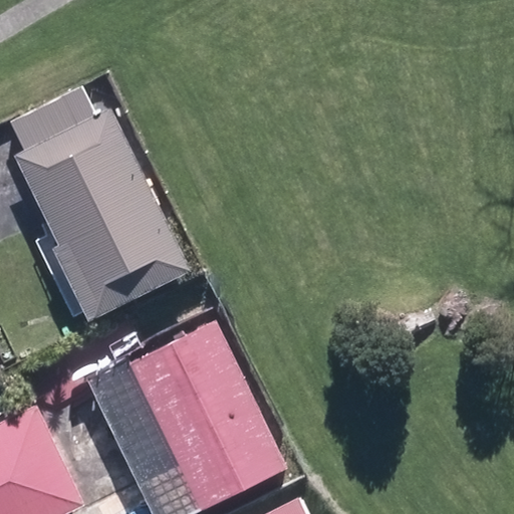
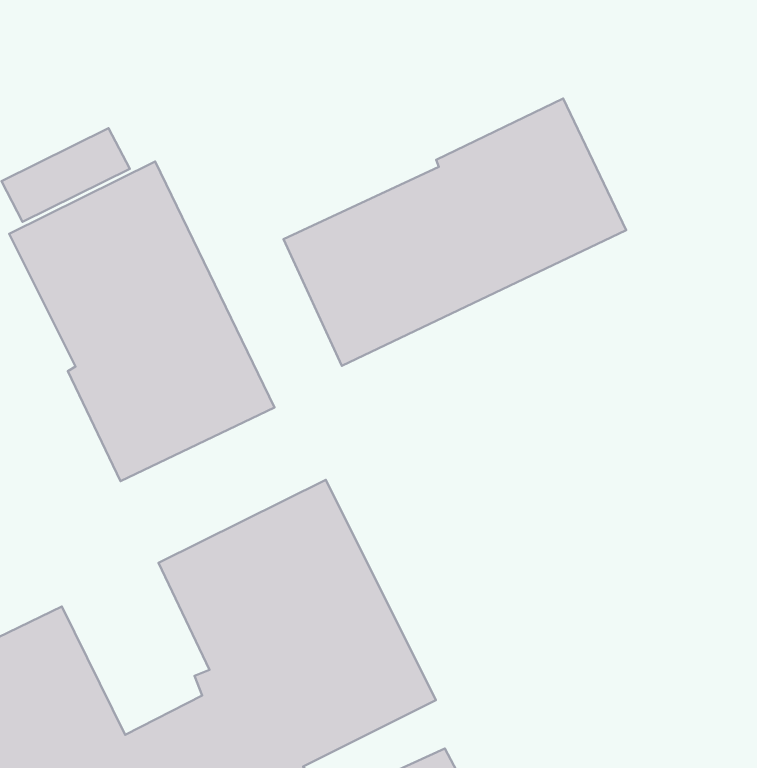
building: none -> [284,99,626,366]

